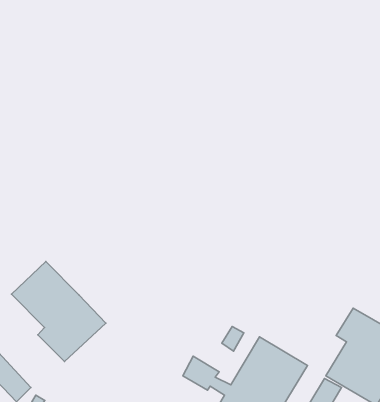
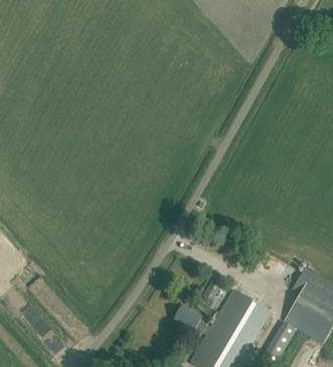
building: [12,261,106,362] -> none

